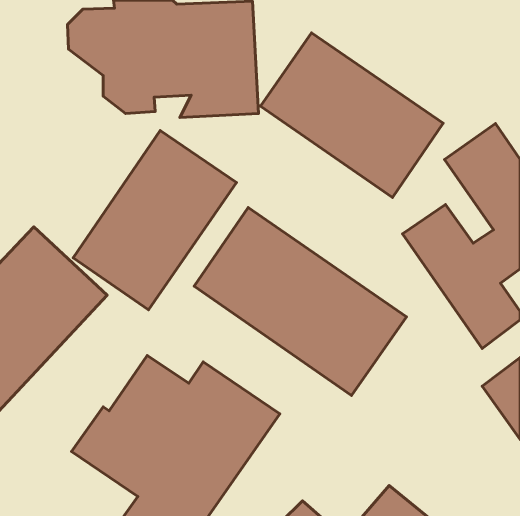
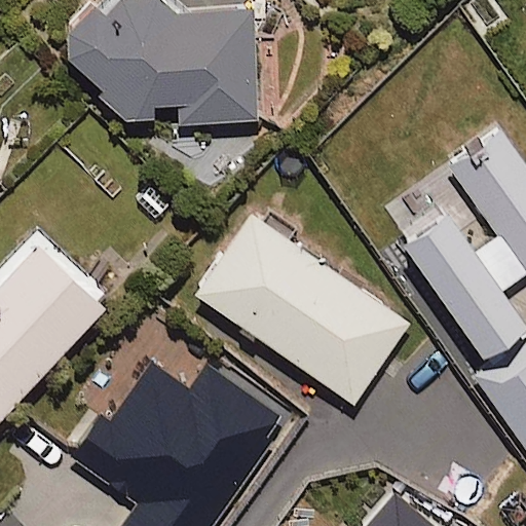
building: [260,33,443,197] -> none
building: [73,131,236,310] -> none

